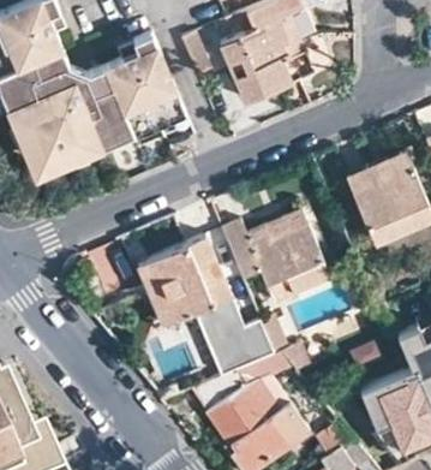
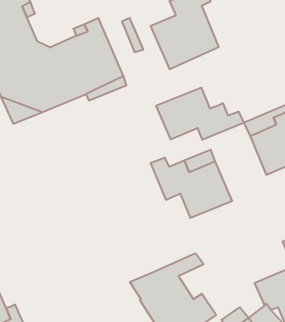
building: none -> [156,88,244,140]
building: [138,236,273,374] -> none

